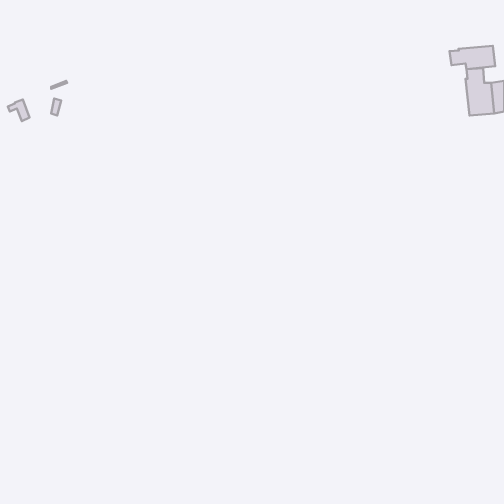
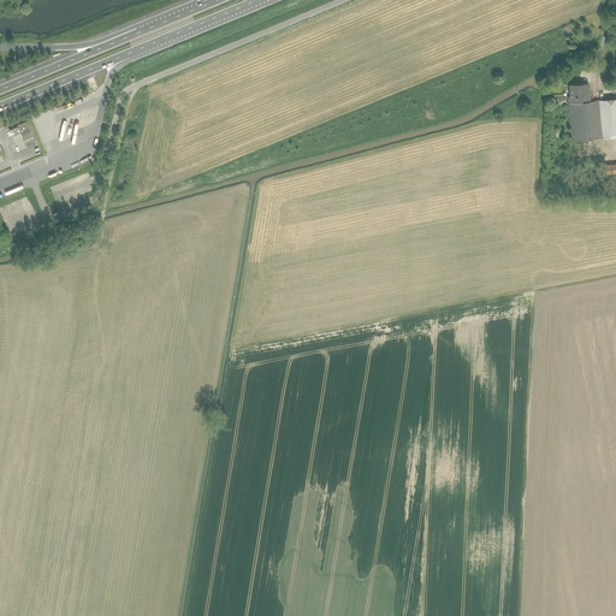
building: [450,46,495,69] -> none

